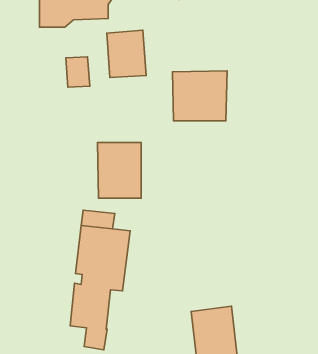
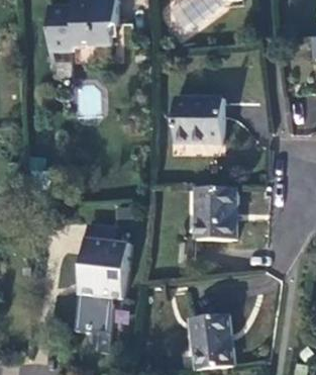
building: [107,30,146,78] -> none
building: [97,143,141,198] -> [195,187,235,239]

